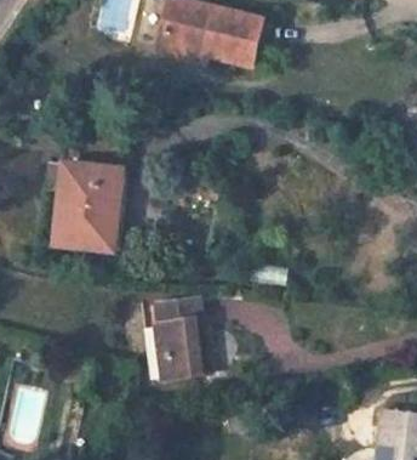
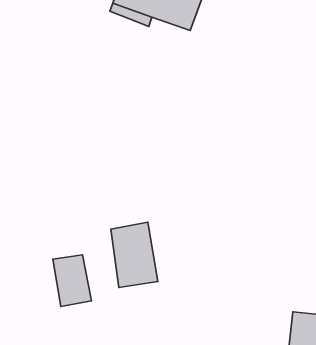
building: [57,164,122,251] -> none
building: none -> [53,255,92,306]

